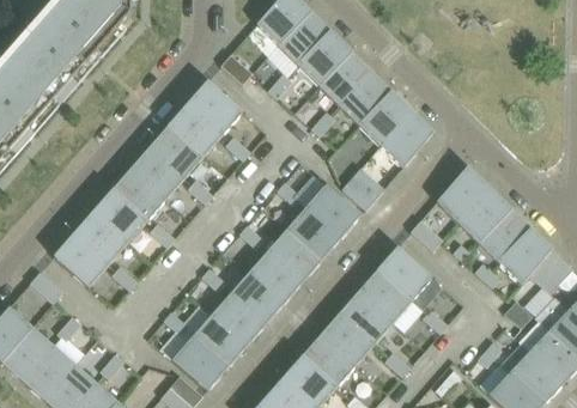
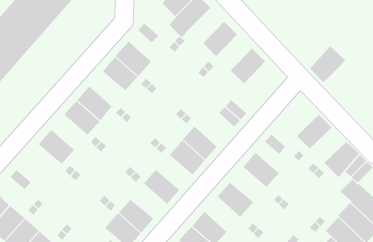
building: [297,31,350,84] -> none
building: [338,71,391,124] -> none
building: [379,111,433,168] -> none
building: [148,126,202,178] -> none
building: [436,166,491,223] -> [309,45,346,83]
building: [305,184,360,238] -> none
building: [91,190,146,243] -> none
building: [478,209,532,262] -> none
building: [53,235,108,286] -> none
building: [248,250,303,303] -> none
building: [358,268,413,321] -> none
building: [209,293,265,346] -> none
building: [320,312,373,365] -> none

